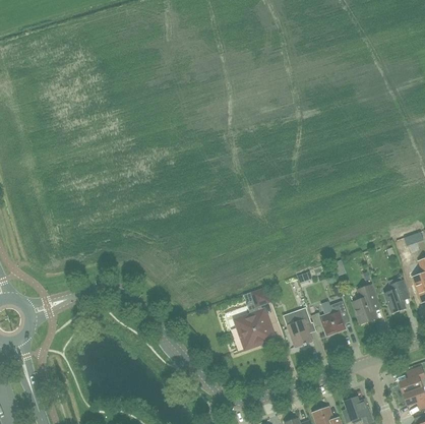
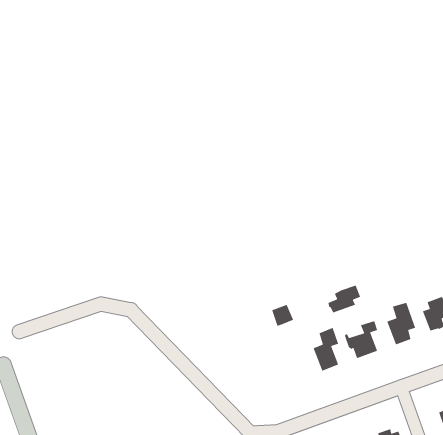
building: none -> [328,285,361,314]
building: [236,310,271,347] -> none

